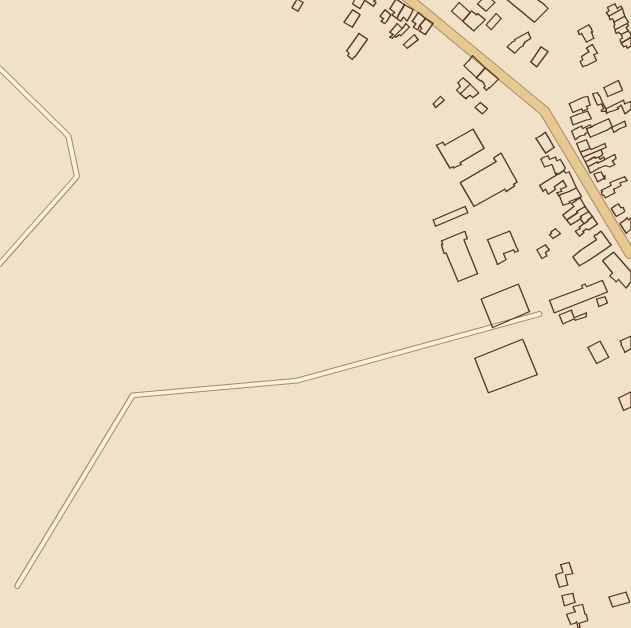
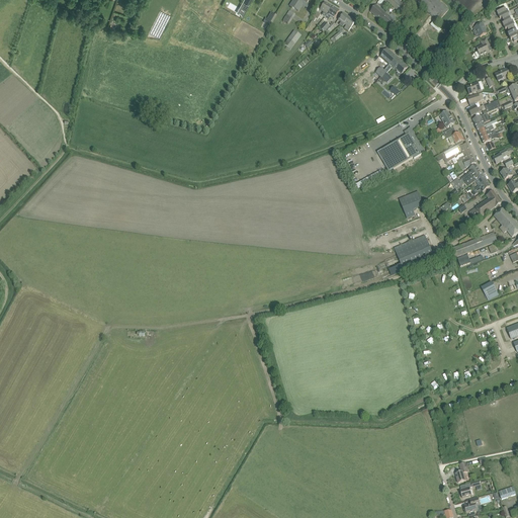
building: [436,129,484,168] -> none
building: [441,231,477,282] -> none
building: [475,339,537,393] -> none

